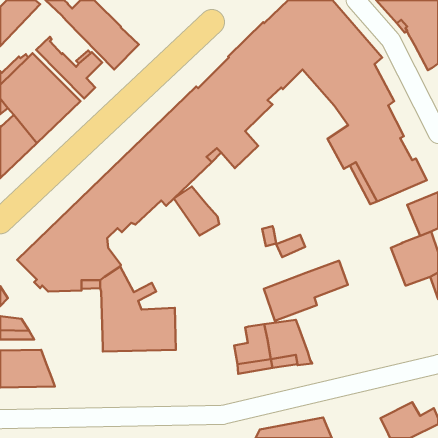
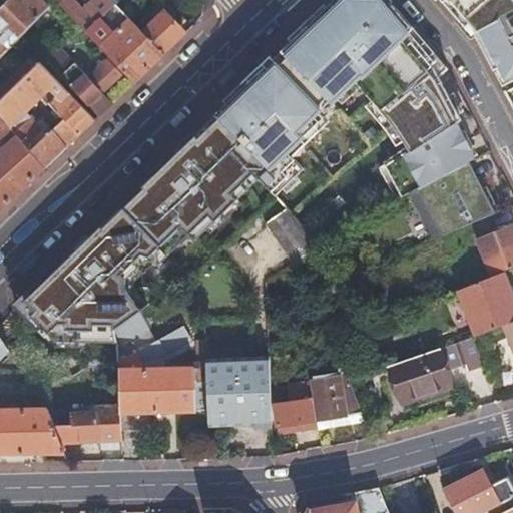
building: none -> [141,9,184,52]
building: [174,187,219,235] -> [264,208,317,266]
building: [264,261,348,321] -> [387,334,485,404]
building: none -> [204,356,272,429]
building: none -> [54,406,122,443]

